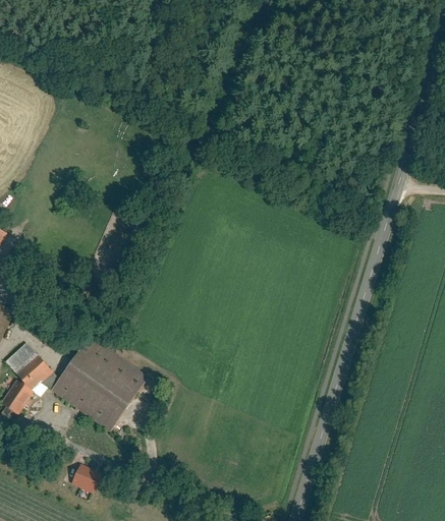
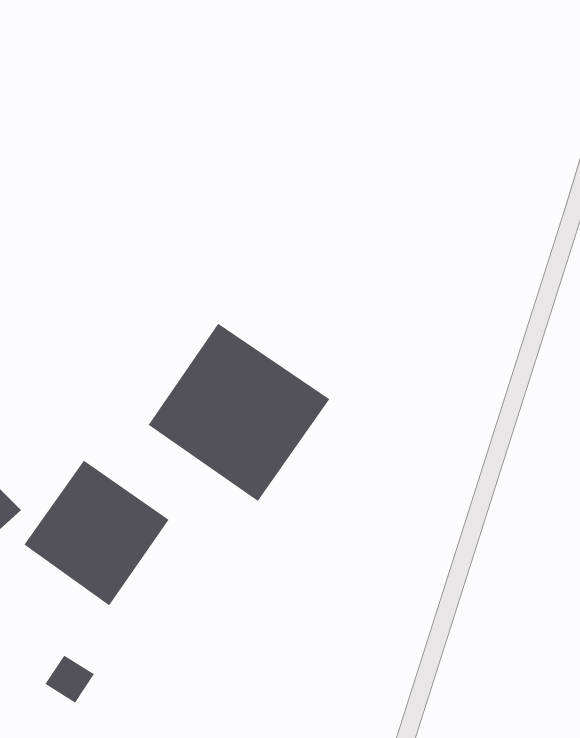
building: none -> [148,323,330,502]

